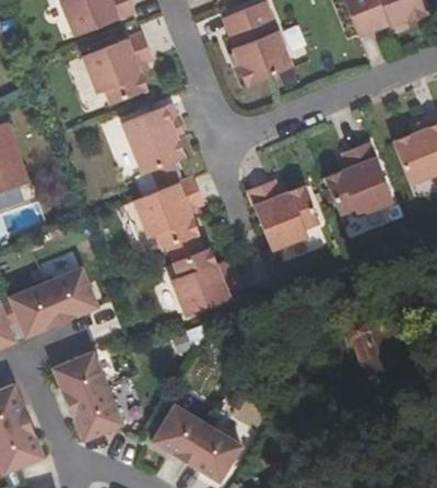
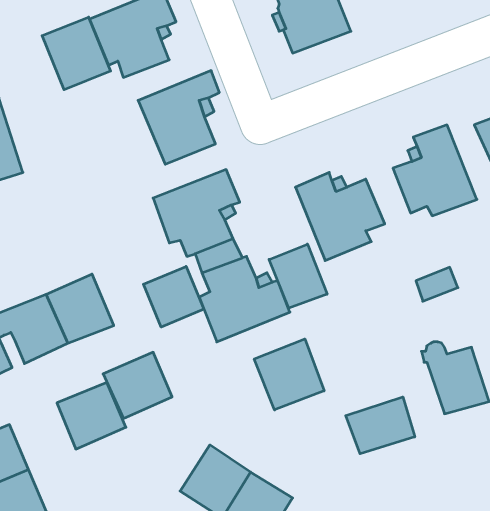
building: none -> [42,17,111,90]
building: none -> [269,244,327,308]
building: none -> [143,266,204,327]
building: none -> [254,339,324,410]
building: none -> [346,397,415,454]
building: [69,386,125,440] -> [103,352,172,419]

